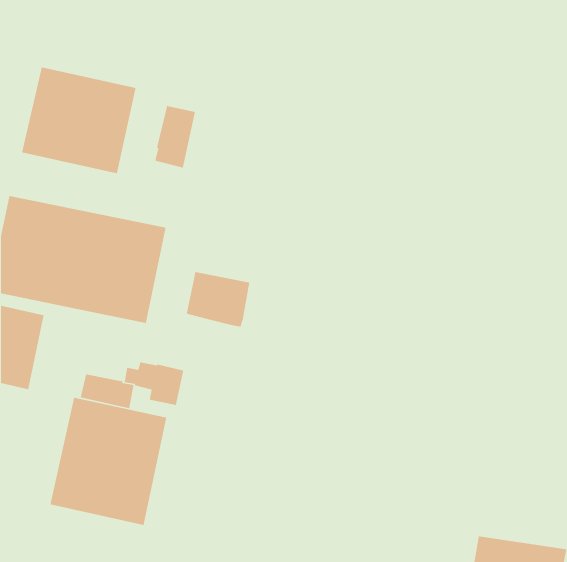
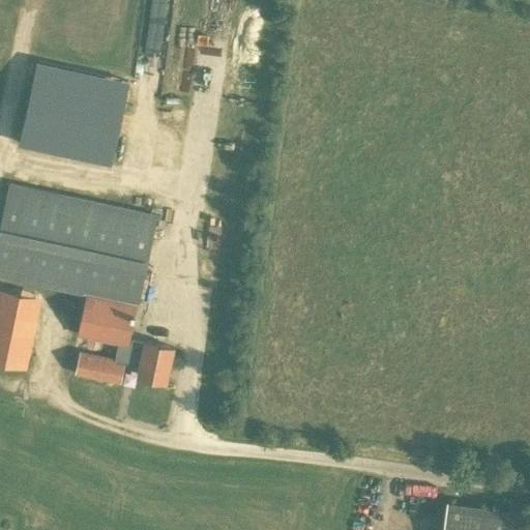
building: [154,105,196,168] -> none
building: [186,271,250,328] -> [77,296,137,349]
building: [49,397,167,526] -> none

